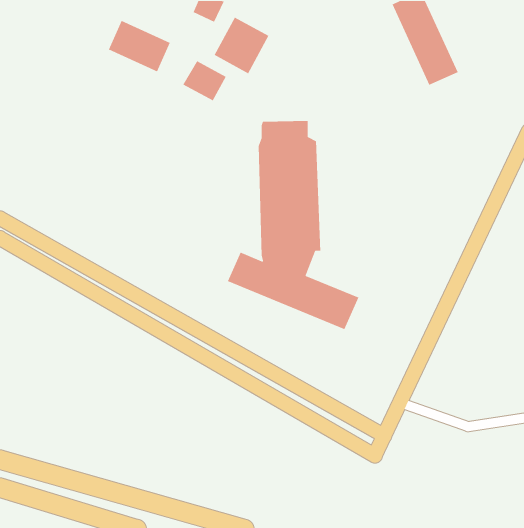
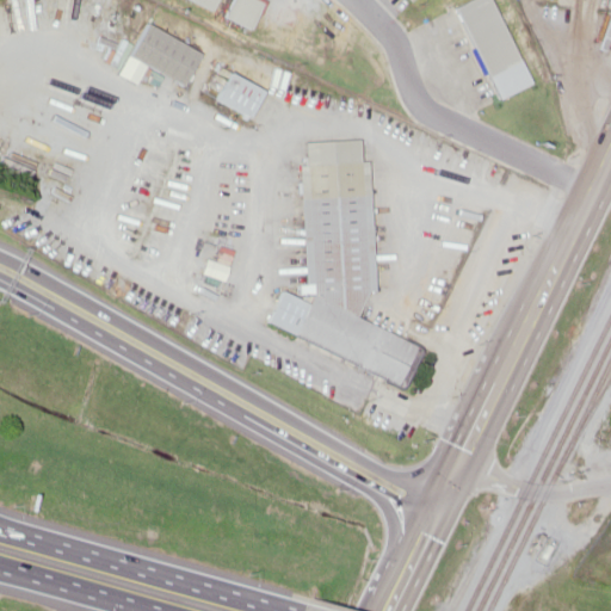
building: [213,16,269,74] -> none

